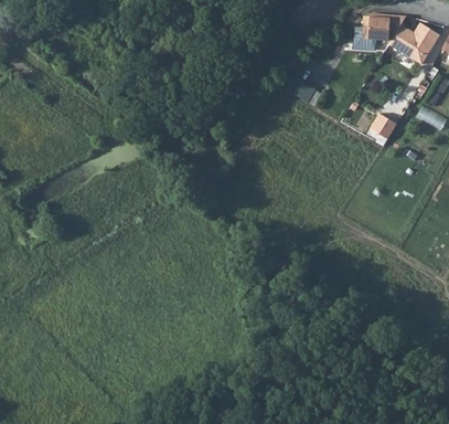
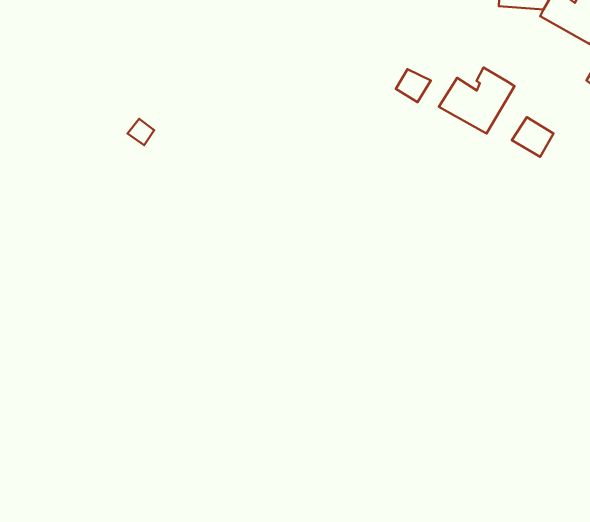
building: none -> [439,68,515,134]

